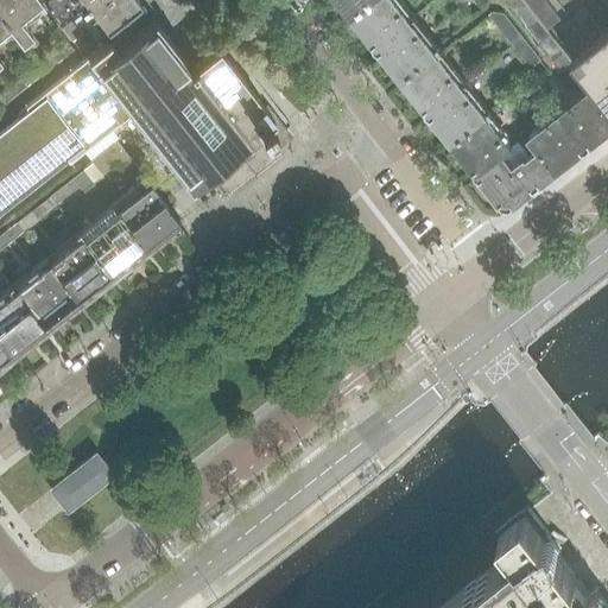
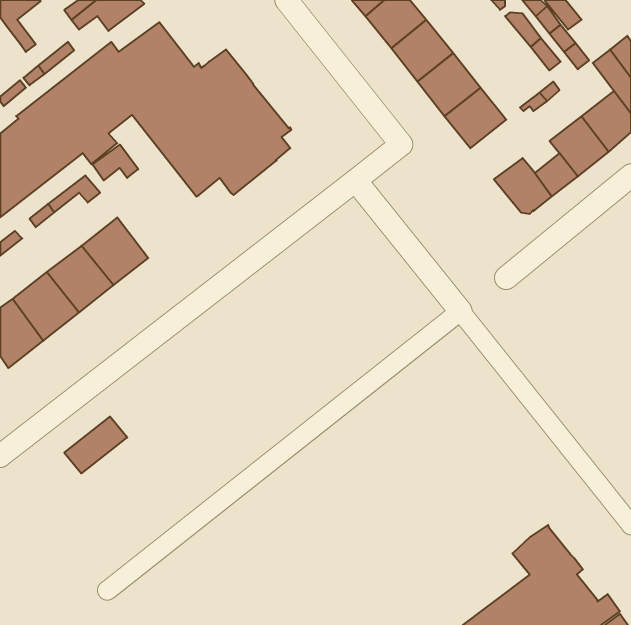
building: [452,121,511,178] -> none
building: [109,182,178,254] -> none
building: [50,460,110,514] -> [64,417,127,473]

